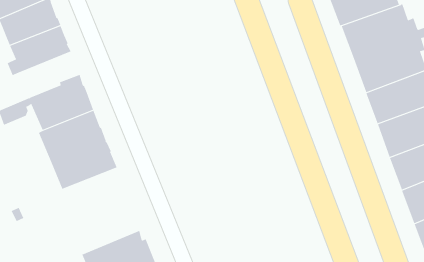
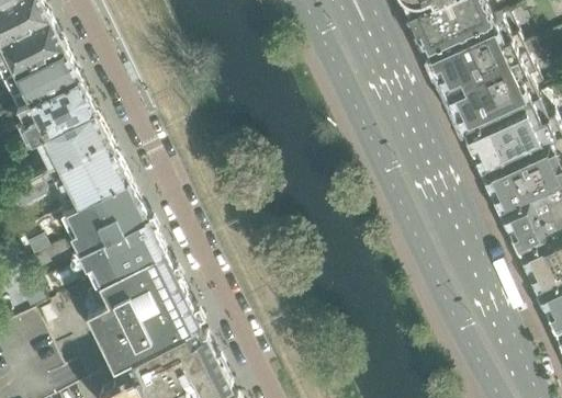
building: none -> [34,113,110,174]
building: none -> [88,252,203,369]

